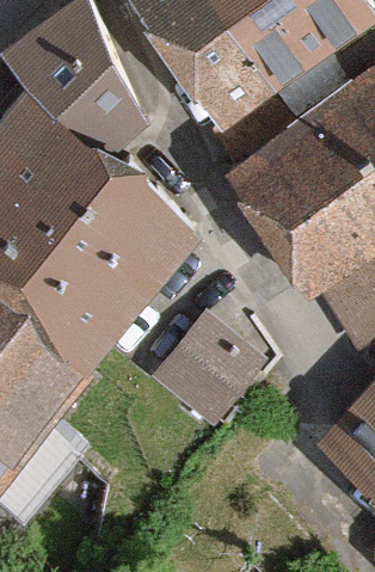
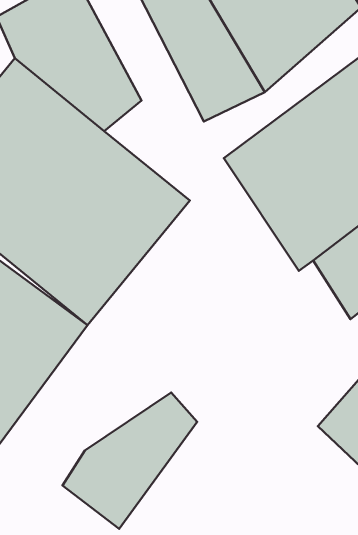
building: [161,316,285,437] -> none
building: none -> [62,392,197,529]

